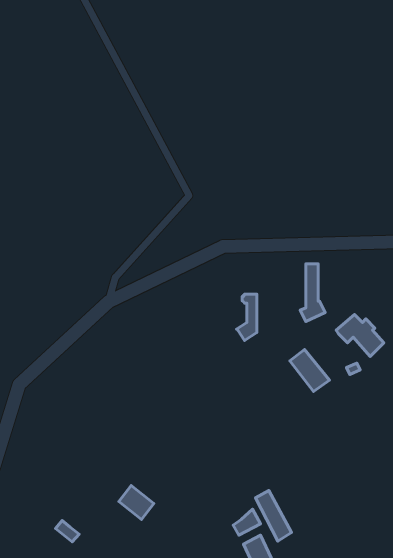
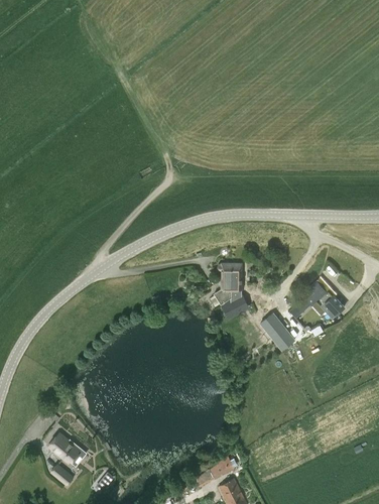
building: [300,264,325,322] -> [227,264,249,316]
building: [119,486,154,519] -> [49,433,81,464]
building: [255,491,292,541] -> none

